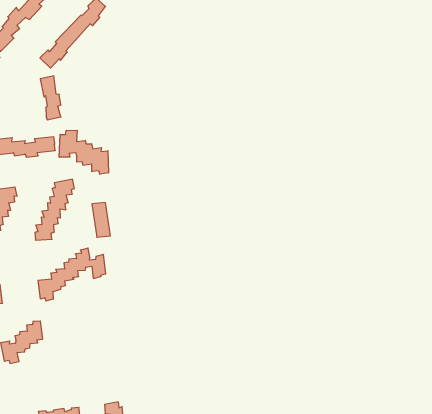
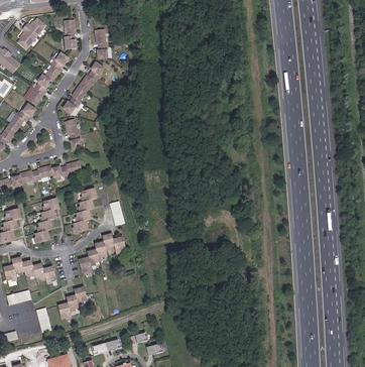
building: [59,130,108,174] -> none

